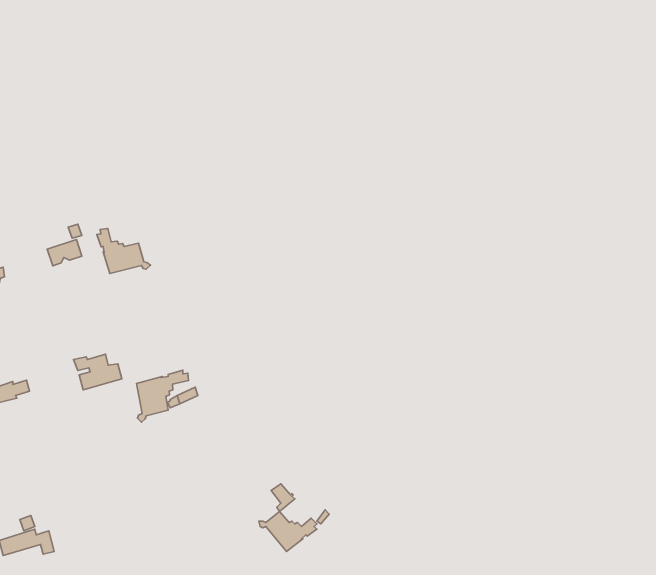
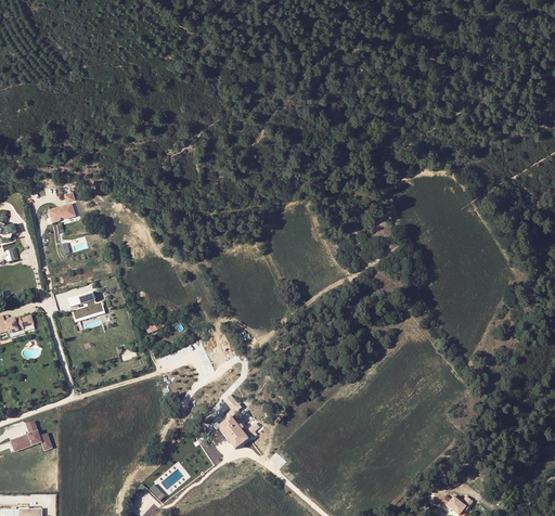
building: [97,228,150,274] -> none
building: [136,370,188,422] -> none

